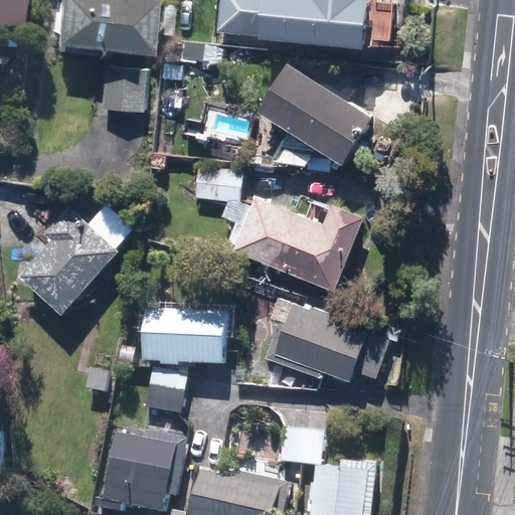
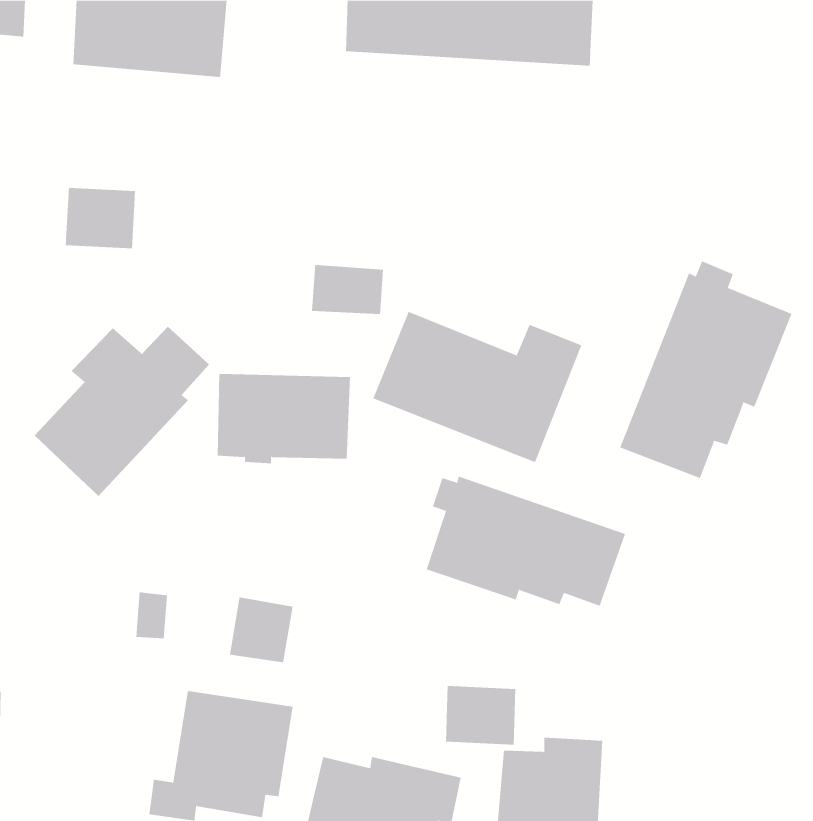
building: [259,62,376,165] -> none
building: [101,71,145,110] -> [65,187,136,249]
building: none -> [619,261,792,479]
building: [143,313,226,369] -> [217,374,351,464]

